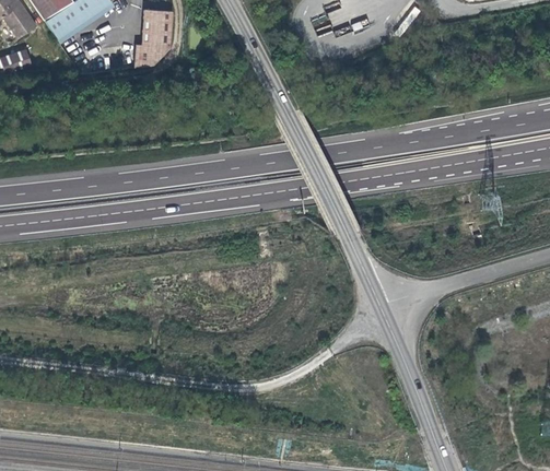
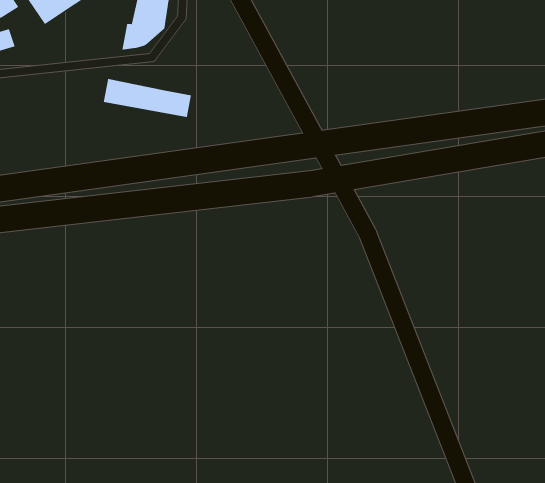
building: none -> [103,78,191,118]

